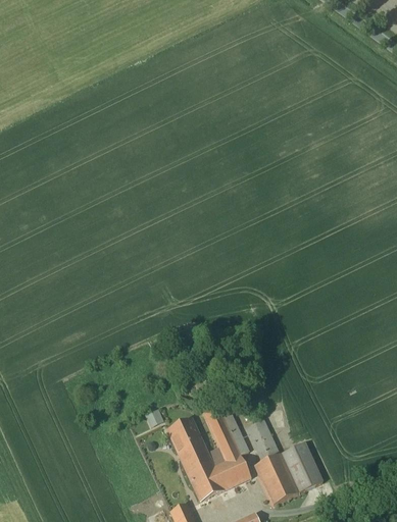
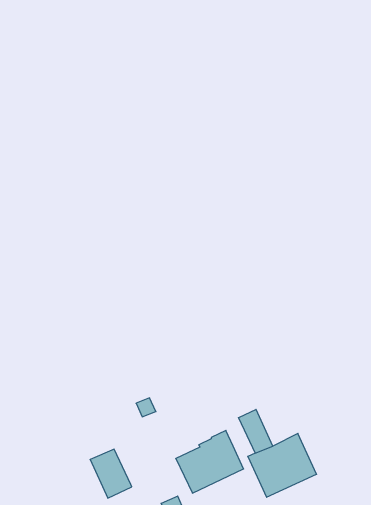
building: [204,402,249,454] -> none
building: [167,418,208,466] -> [90,449,132,498]

